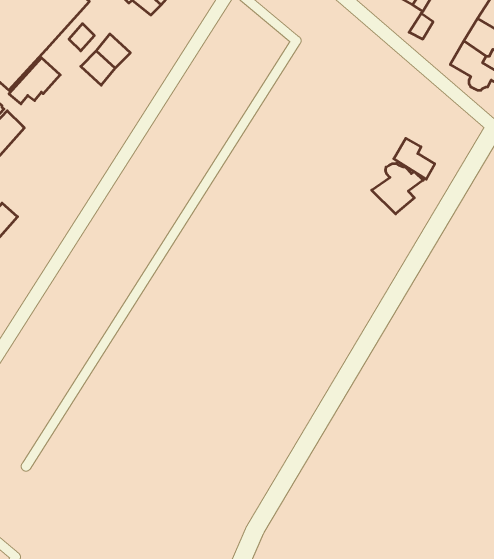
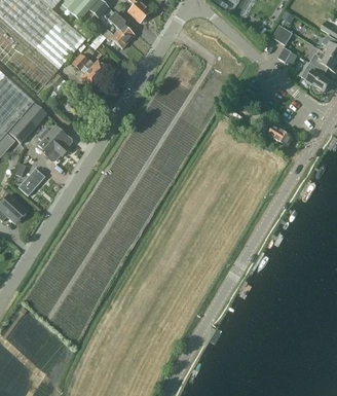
building: none -> [36,125,69,159]
building: [372,163,423,214] -> none

